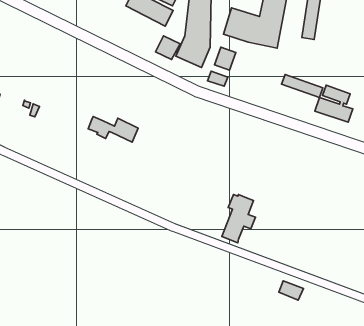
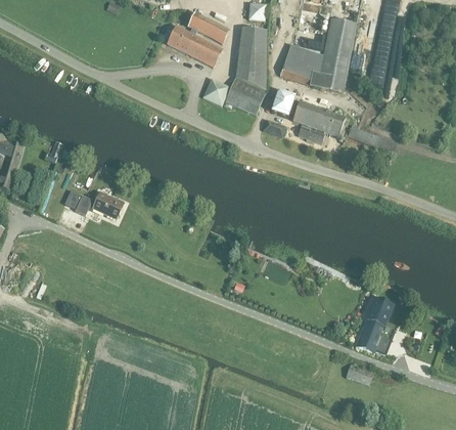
building: none -> [292,100,345,141]
building: [315,85,353,122] -> none
building: [88,117,138,142] -> [64,188,123,218]
building: [222,194,255,243] -> [355,296,394,352]

